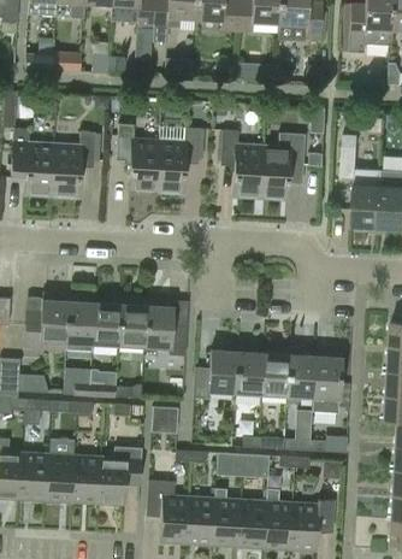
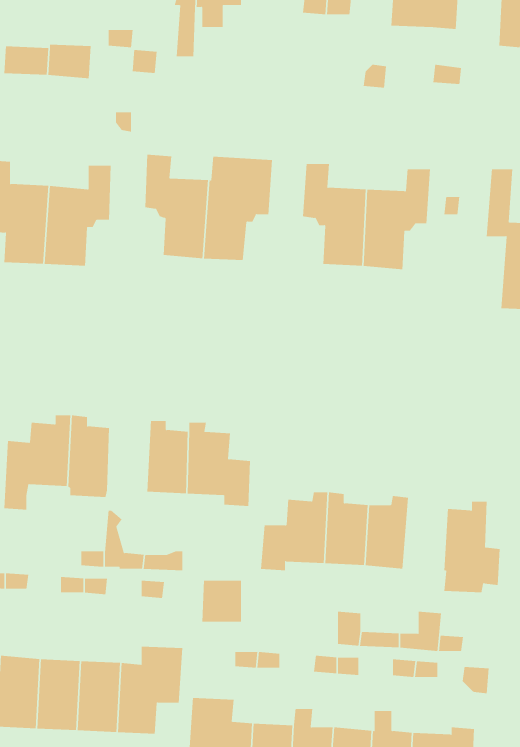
building: [93,298,120,346] -> none
building: [286,349,315,404] -> none

